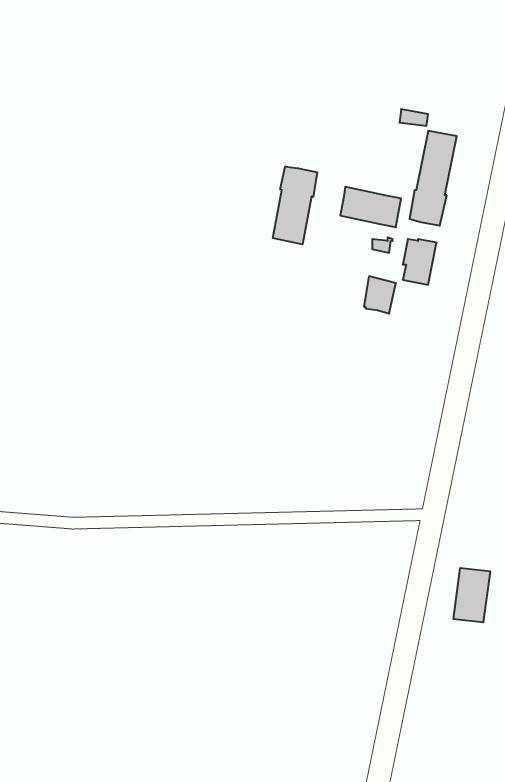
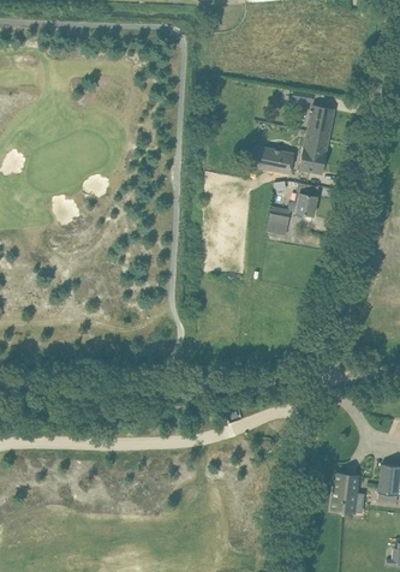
building: [273,166,317,244] -> none
building: [453,568,490,622] -> [333,472,359,511]

